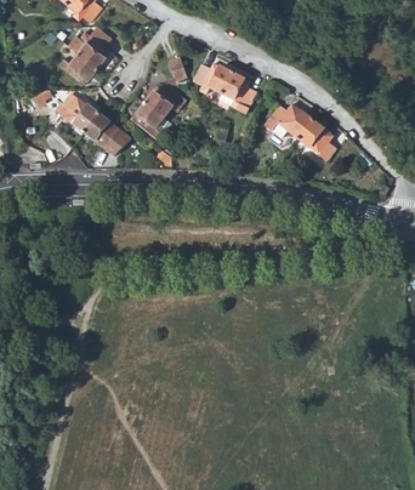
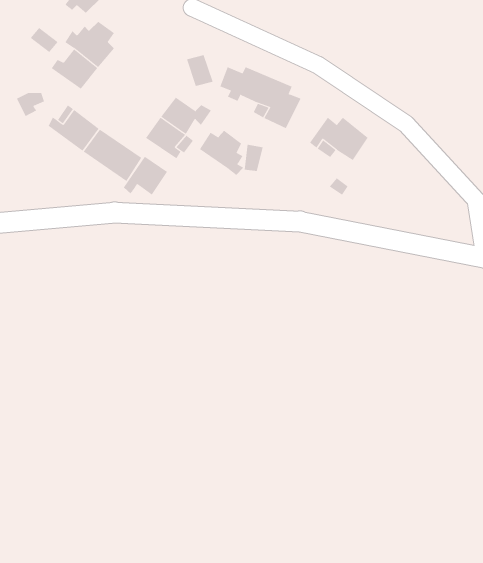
building: none -> [199,130,244,176]
building: [301,122,336,161] -> none
building: none -> [123,156,168,196]

